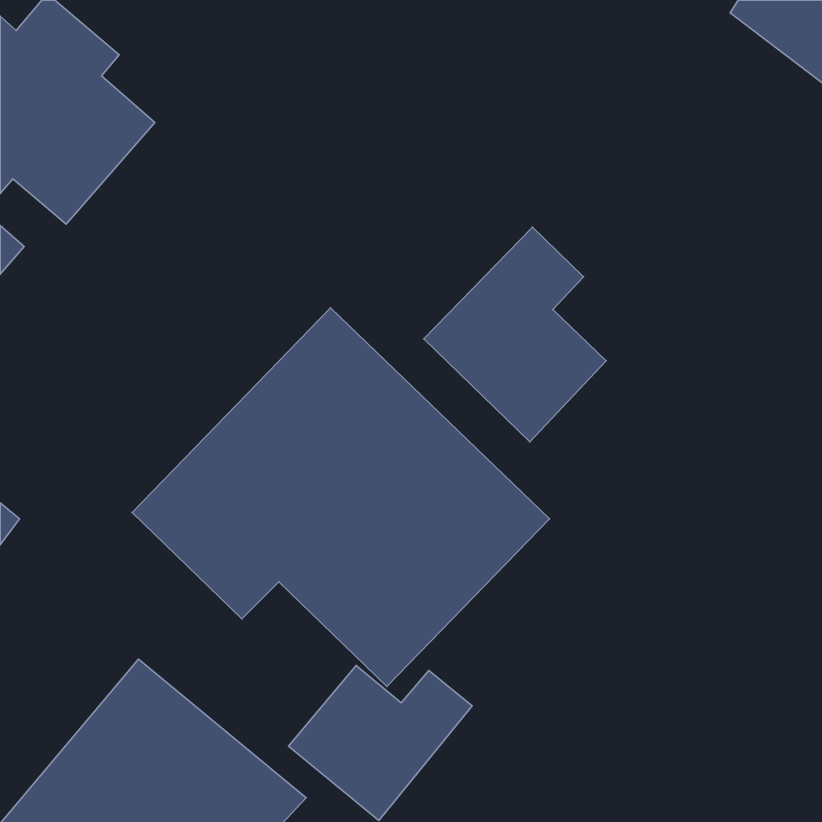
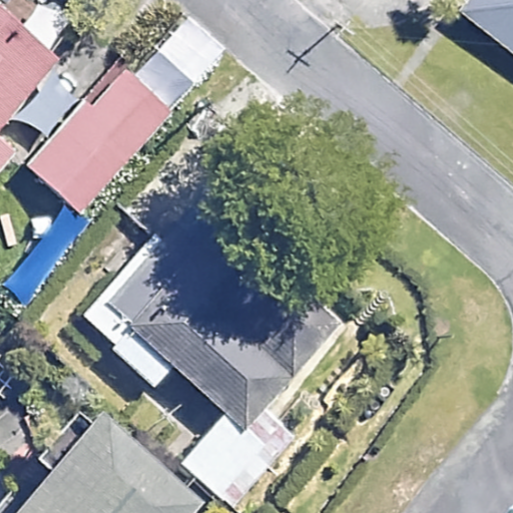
building: none -> [26,65,169,212]
building: [424,227,606,442] -> none

